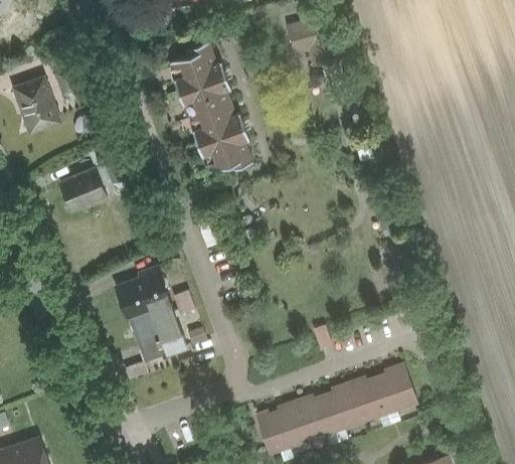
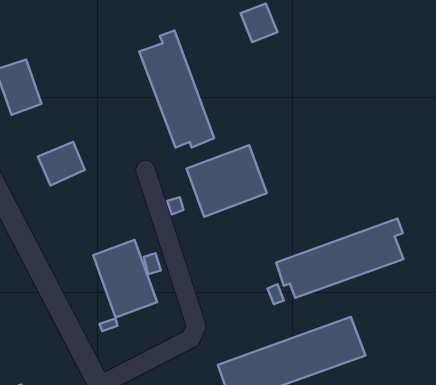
building: none -> [186,145,267,217]
building: none -> [276,219,404,298]

